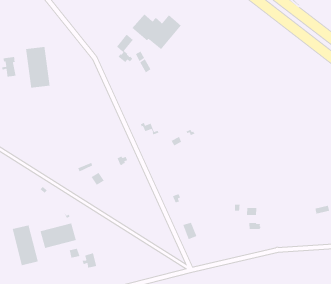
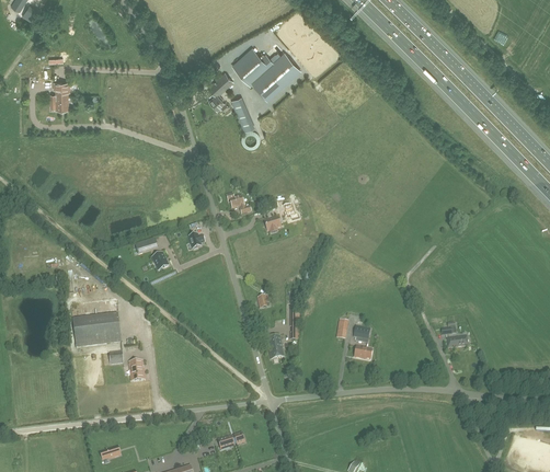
building: [25,46,50,88] -> none
building: [12,224,39,266] -> none

